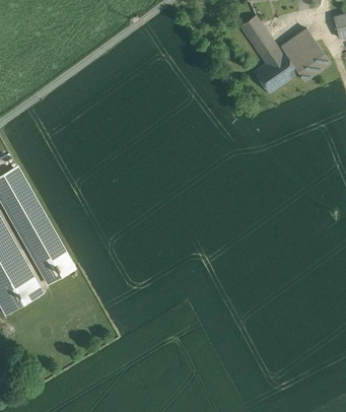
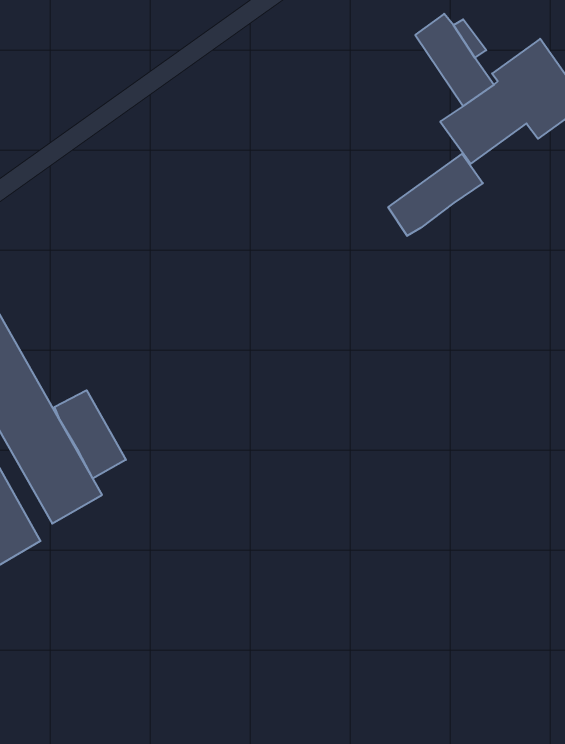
building: none -> [388,154,483,236]
building: none -> [54,390,126,478]

